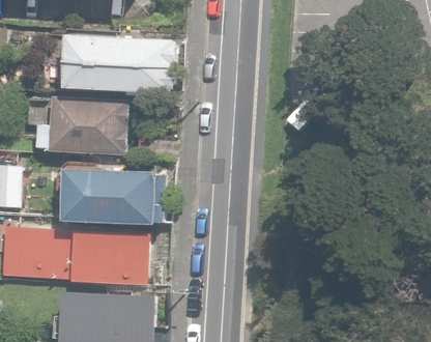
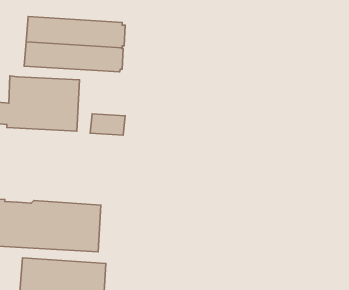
building: [63,167,162,224] -> none

